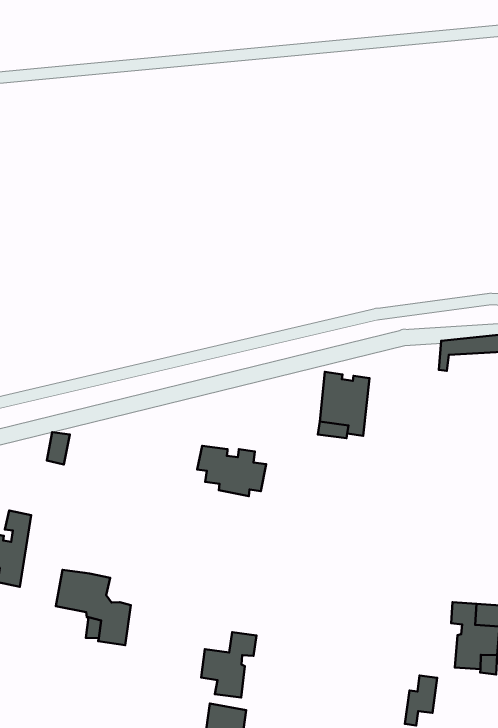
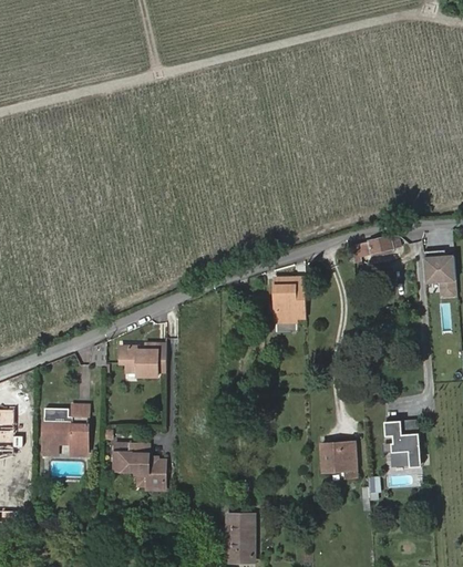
building: [197,446,266,496] -> [120,341,166,372]
building: none -> [320,443,356,477]
building: [201,632,257,698] -> none

